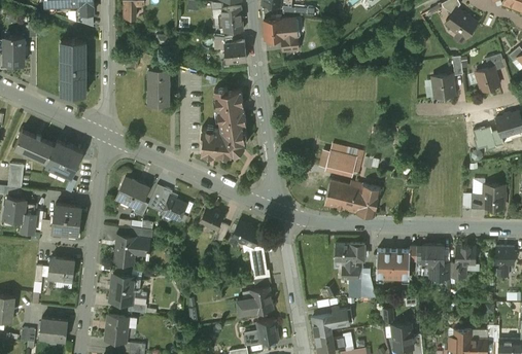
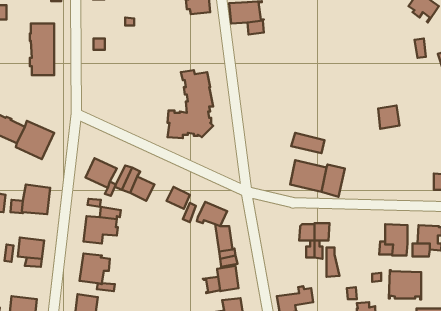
building: [219,37,246,62] -> none
building: [149,68,169,103] -> none
building: [432,74,454,98] -> [378,105,399,129]
building: [376,249,409,279] -> [389,270,421,299]

